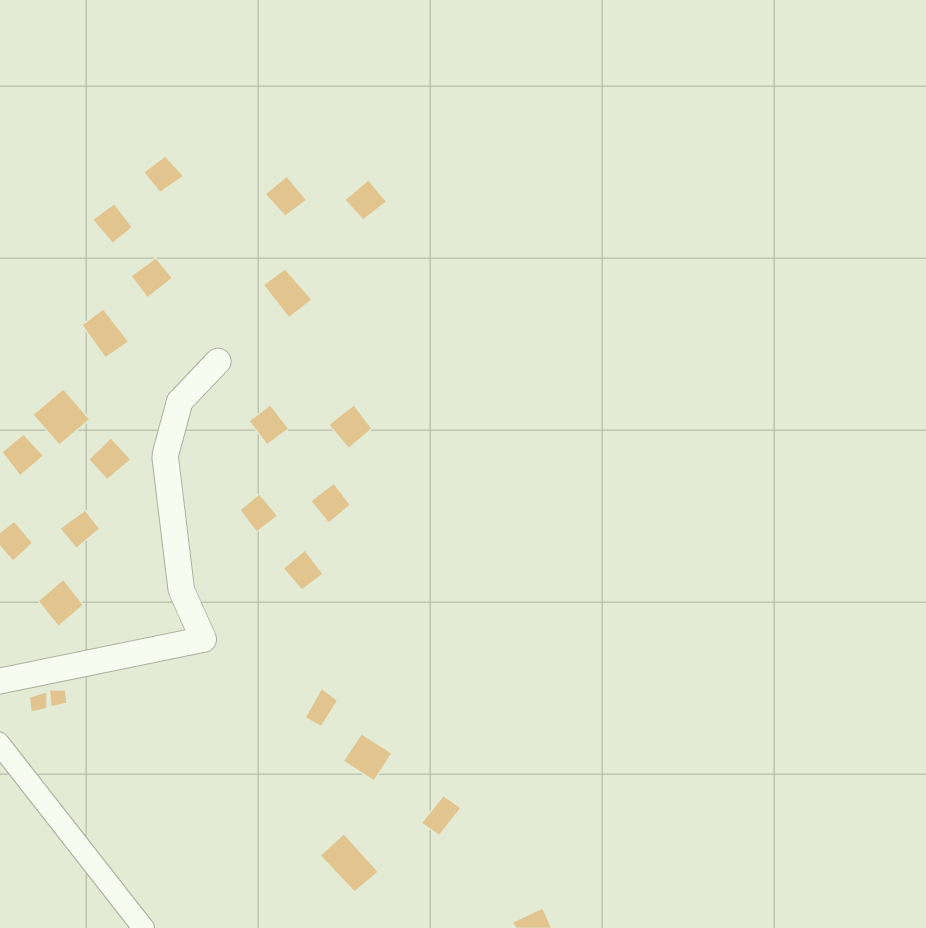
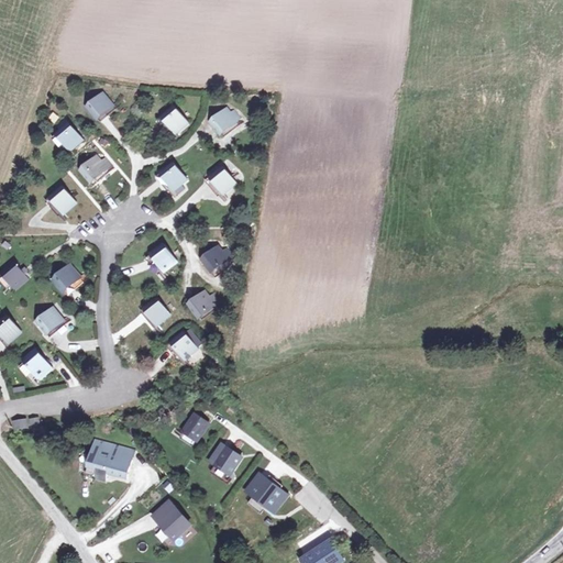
building: none -> [209,167,239,198]
building: [33,389,90,445] -> none
building: none -> [89,442,133,483]
building: [320,834,378,892] -> [155,504,190,539]

